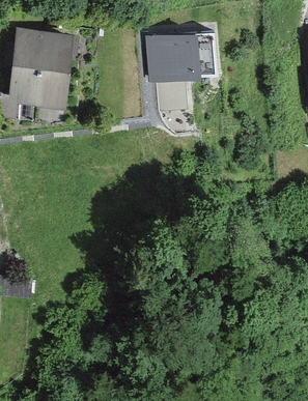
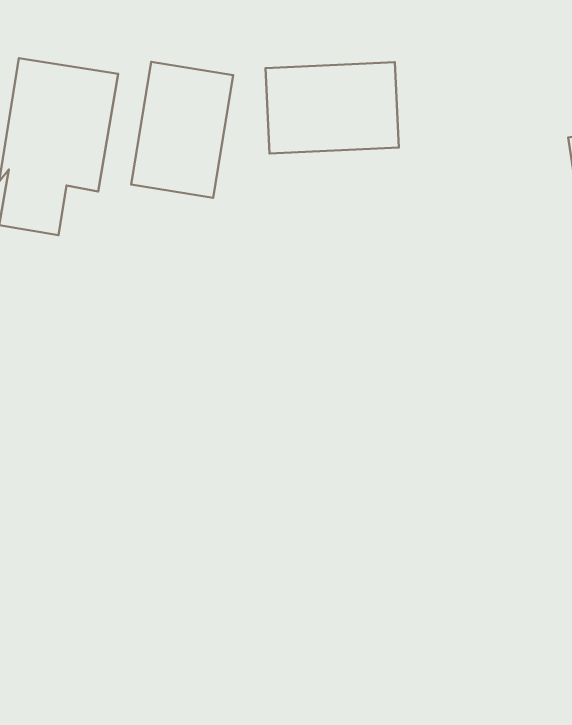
building: none -> [131,62,233,198]

